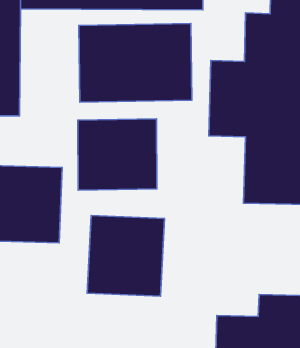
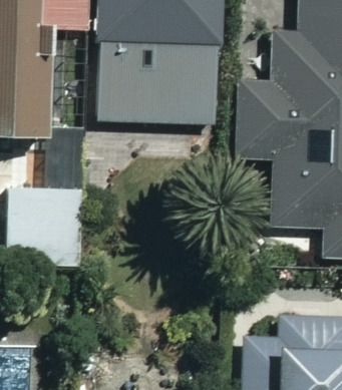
building: [78,119,157,190] -> none
building: [87,216,165,296] -> none

